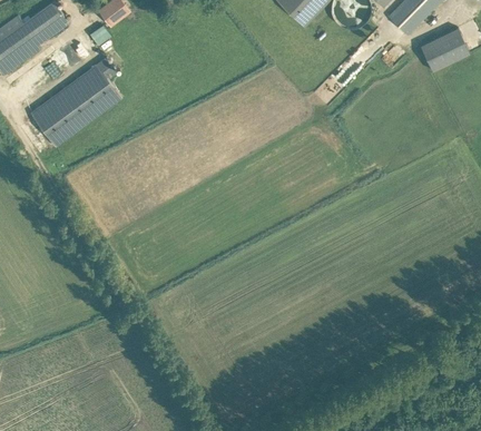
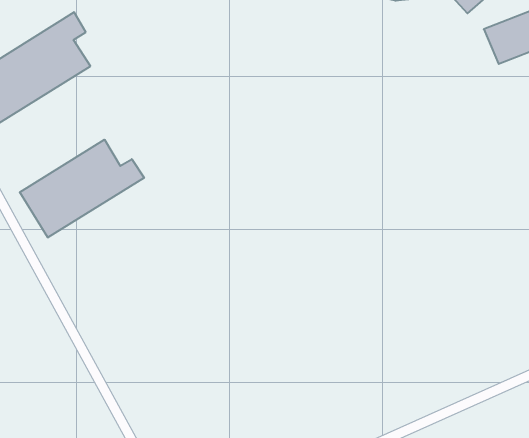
building: none -> [20,140,144,238]

